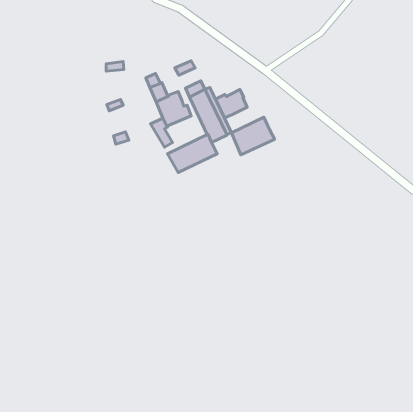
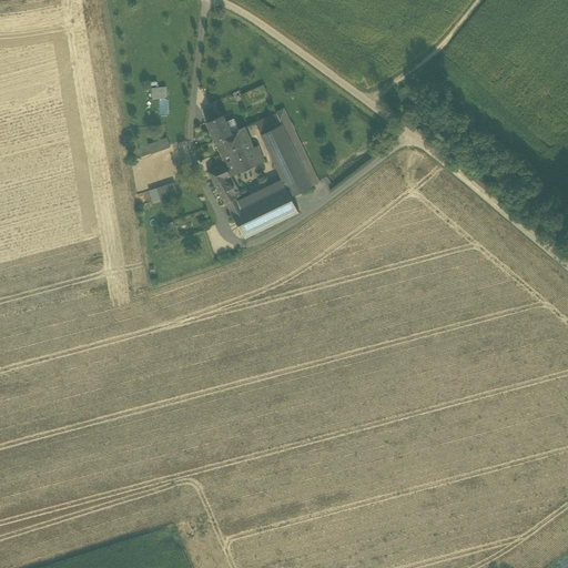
building: [215,90,247,118] -> none
building: [232,117,274,155] -> none

